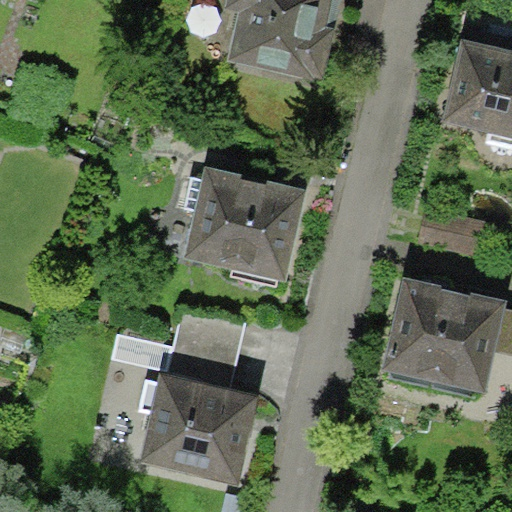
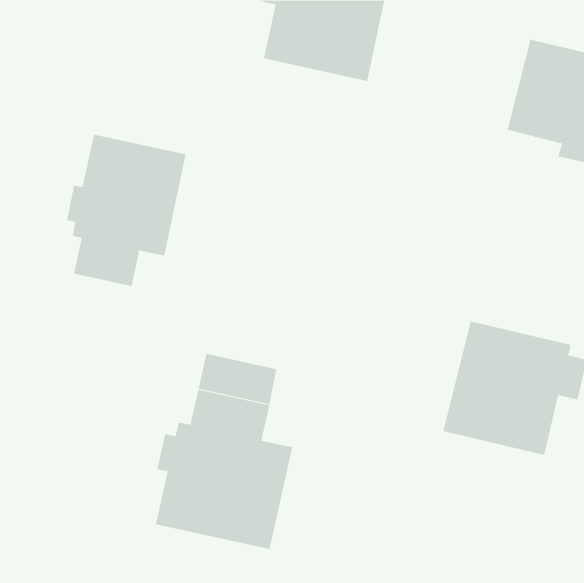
building: none -> [66,134,186,287]
building: [185,168,301,287] -> none

